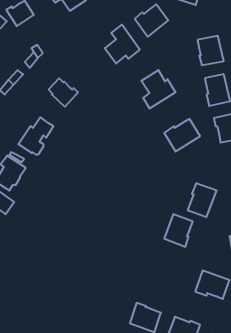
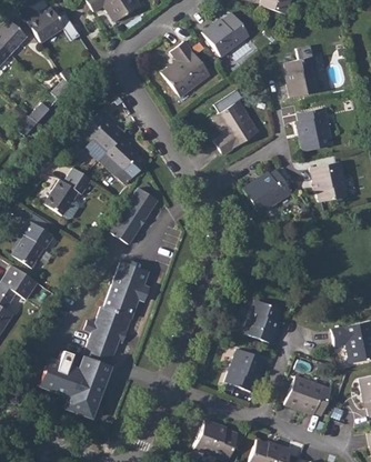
building: none -> [99,135,144,178]
building: none -> [110,187,158,243]
building: [188,183,217,217] -> none
building: none -> [37,261,148,415]
building: none -> [224,348,264,391]

